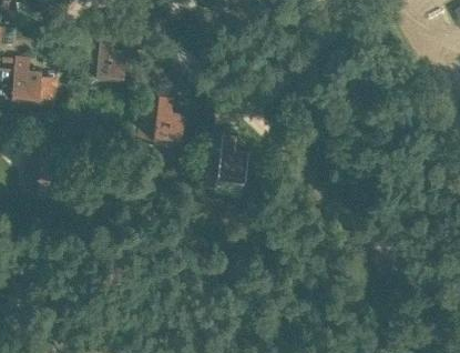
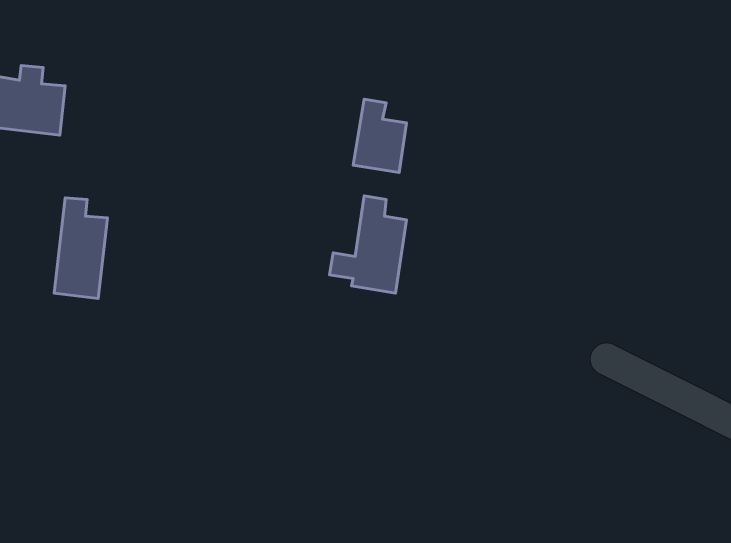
building: [95,40,126,83] -> none
building: [153,101,185,145] -> [353,99,406,173]

